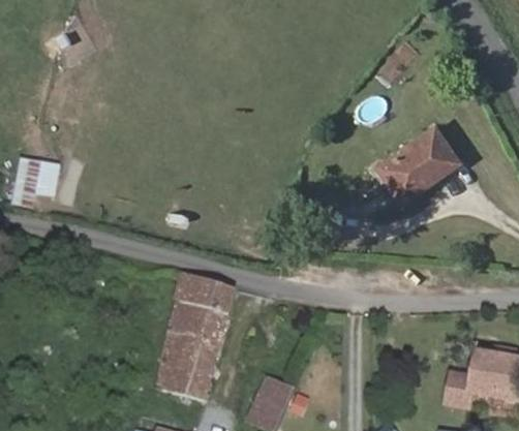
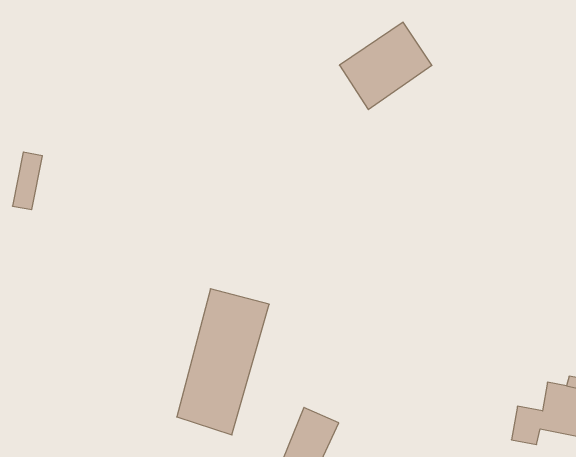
building: [374,126,454,202] -> [339,22,432,110]

